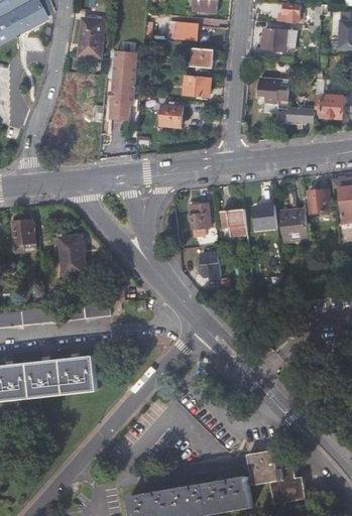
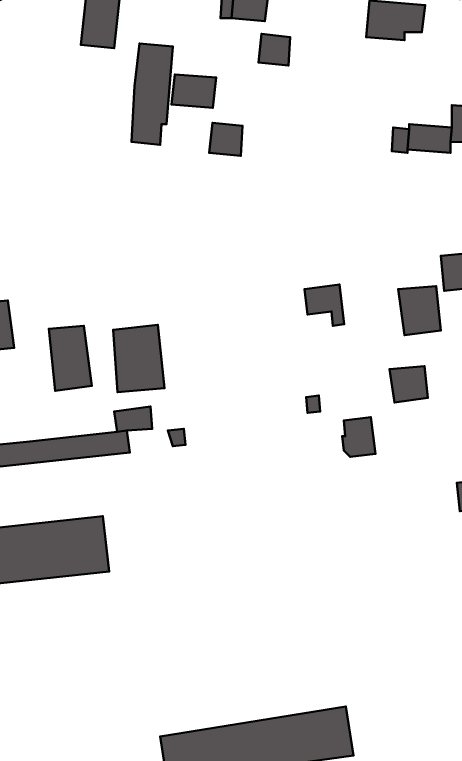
building: [183,77,211,98] -> [172,74,216,108]
building: [257,79,289,105] -> none
building: [188,203,212,229] -> none
building: [252,206,276,229] -> [390,366,428,403]
building: none -> [113,325,164,392]
building: [201,254,222,279] -> [342,417,375,457]
building: [247,450,304,504] -> none

